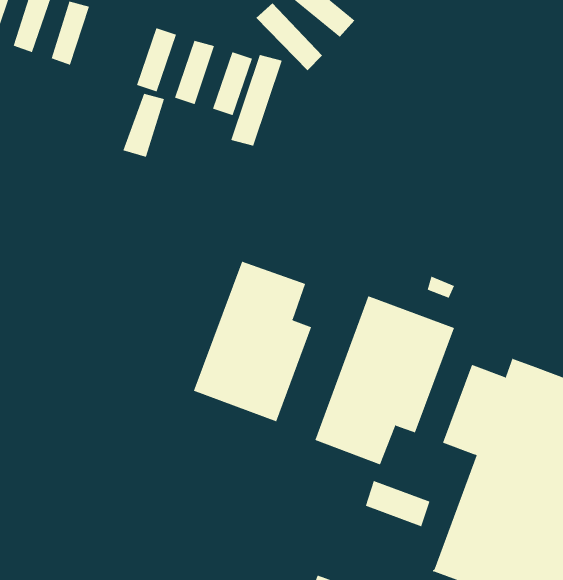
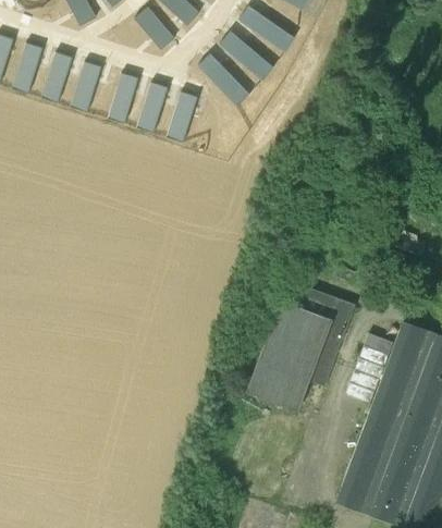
building: [231,54,282,146] -> none
building: [123,93,165,158] -> [69,62,101,112]
building: [193,261,312,422] -> none
building: [365,480,430,527] -> none

